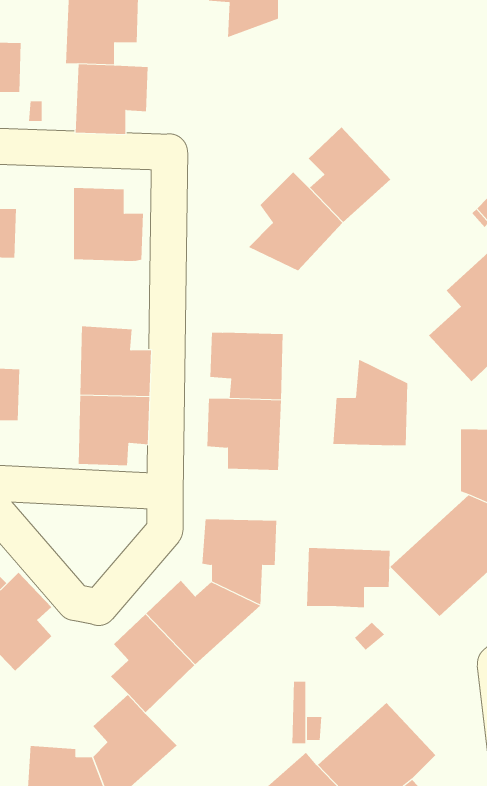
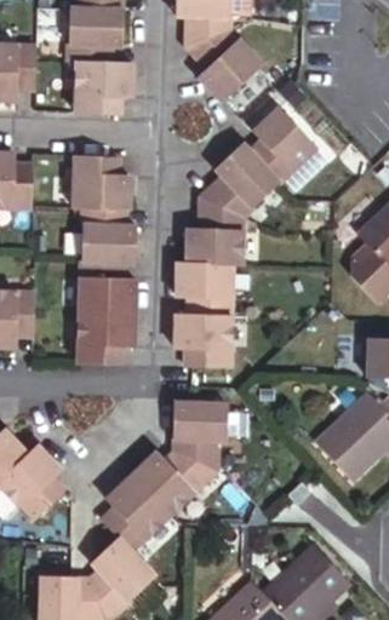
building: none -> [191,28,261,101]
building: none -> [81,209,137,262]
building: [333,359,408,446] -> [188,200,245,265]
building: [307,547,390,608] -> none

